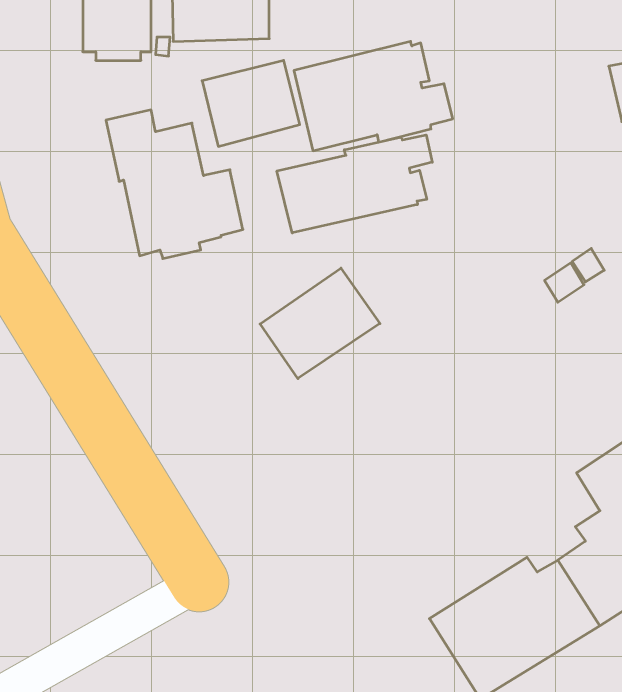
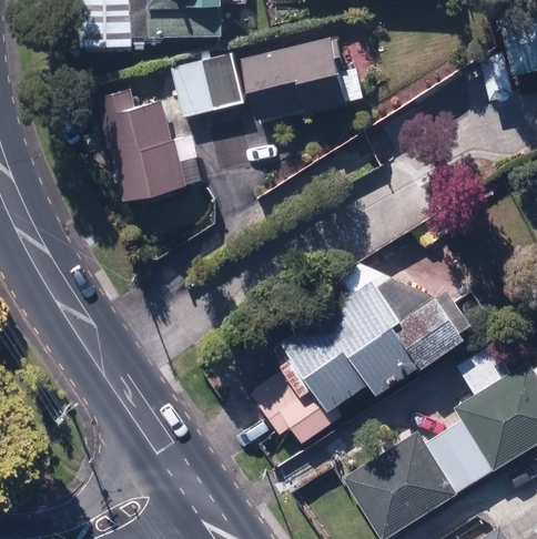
building: [277,135,432,233] -> none
building: [260,268,380,379] -> none
building: none -> [251,263,472,444]

